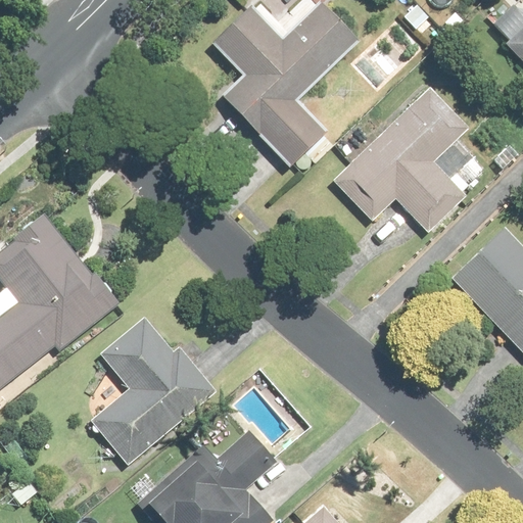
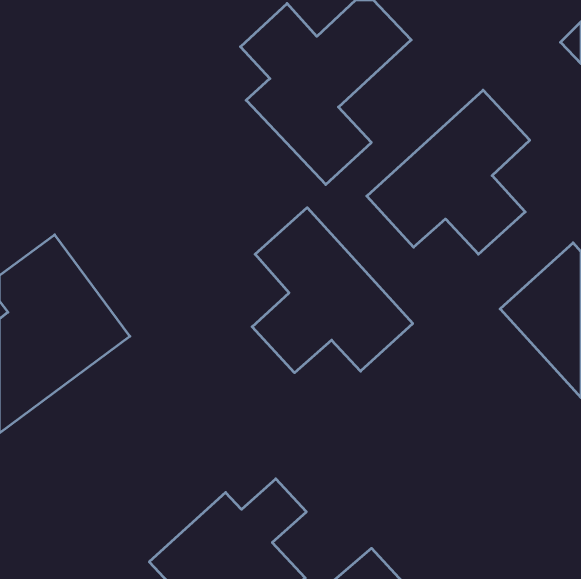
building: none -> [252,208,413,373]
building: [88,306,223,470] -> none

